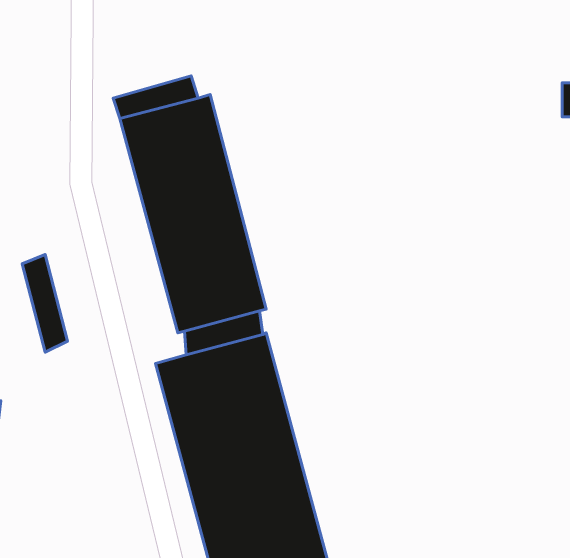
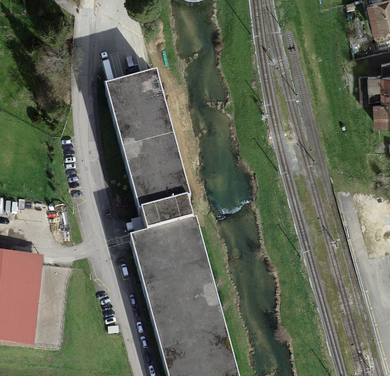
building: [22,254,68,352] -> none

